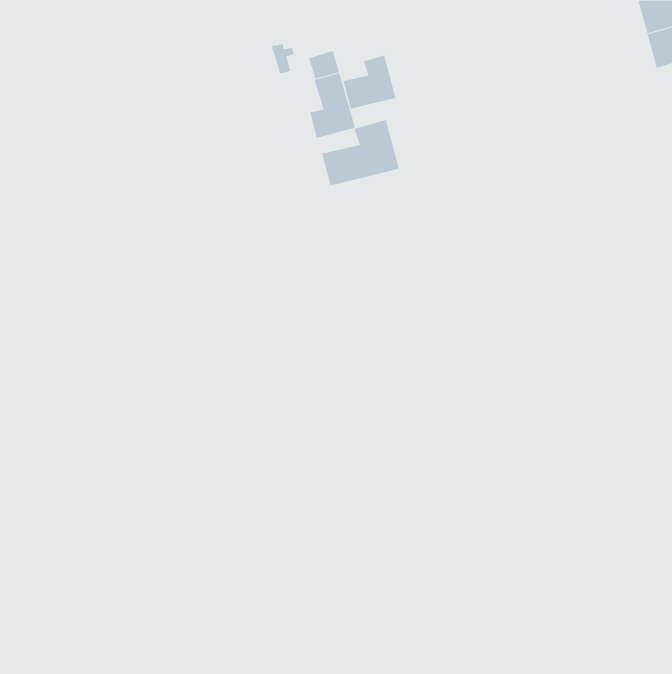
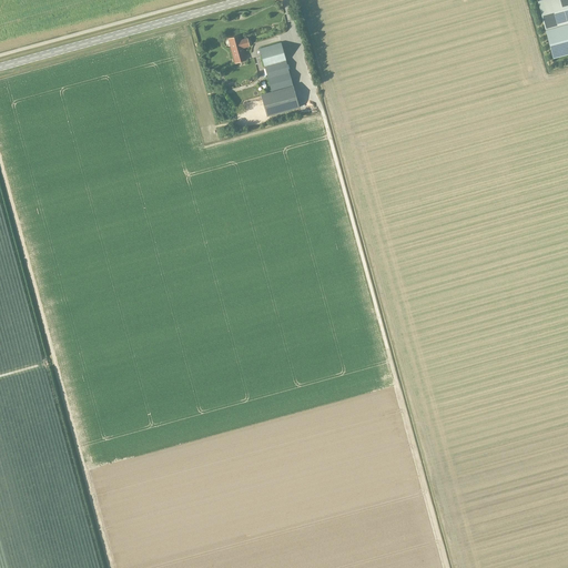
building: [342,55,396,109] -> none
building: [321,119,399,186] -> none

